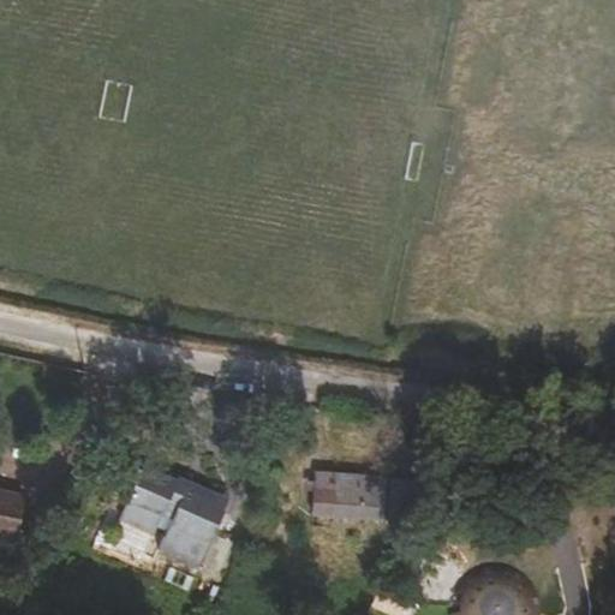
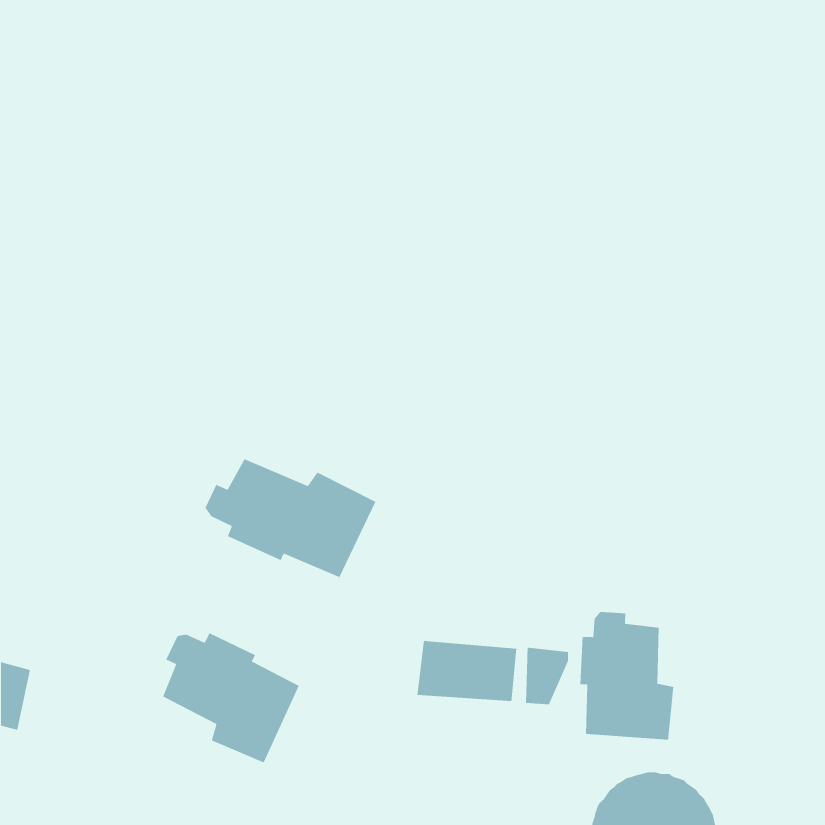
building: none -> [205,458,376,578]
building: none -> [579,611,674,740]

